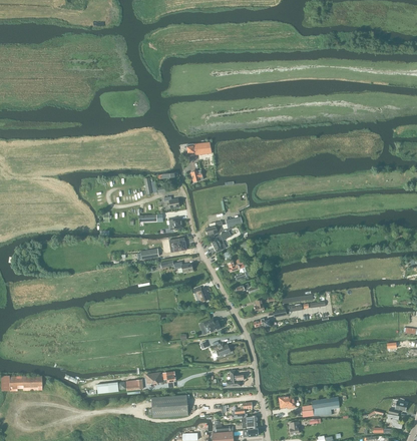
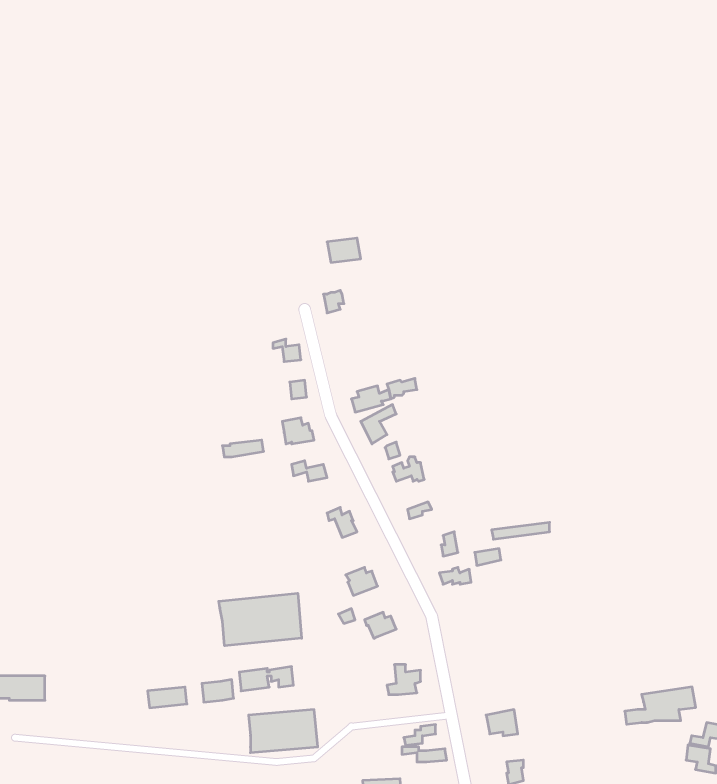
building: none -> [219,593,302,646]
building: [302,396,340,416] -> [625,687,696,724]

